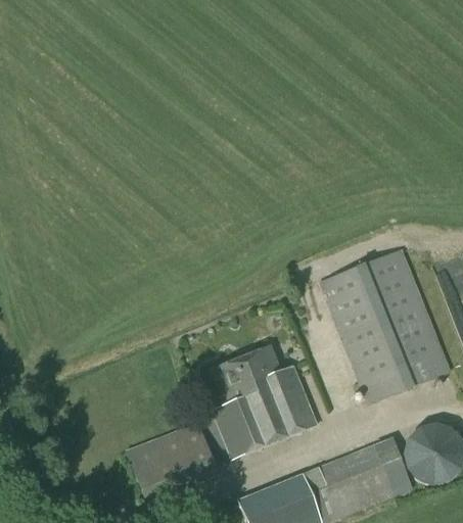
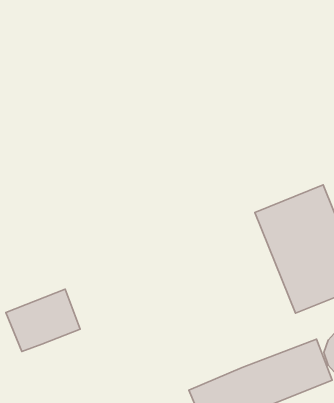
building: [211,345,318,460] -> none
building: [125,421,216,497] -> [6,289,80,352]

